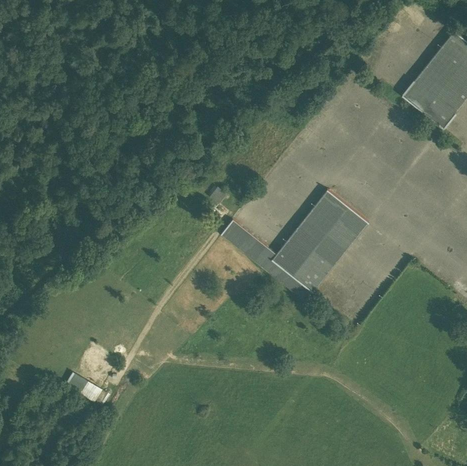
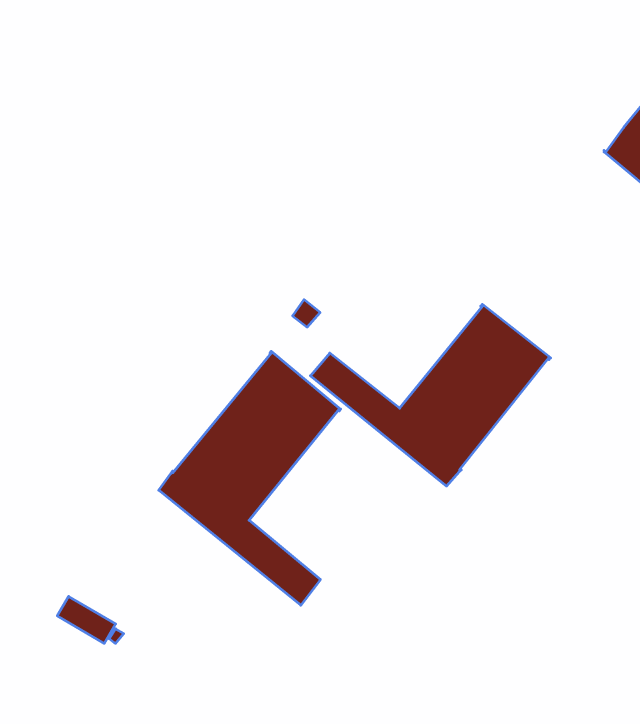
building: none -> [159,351,341,605]

